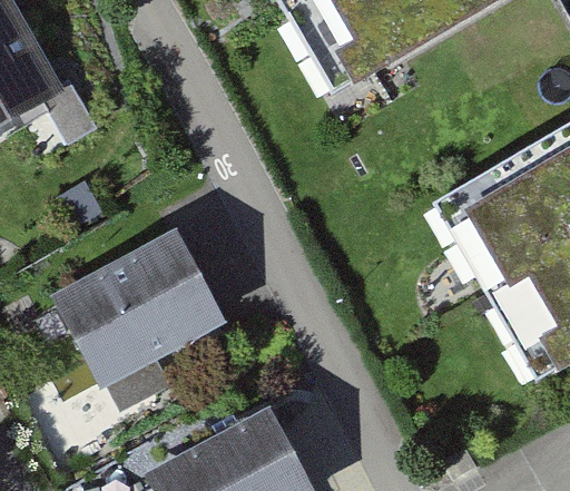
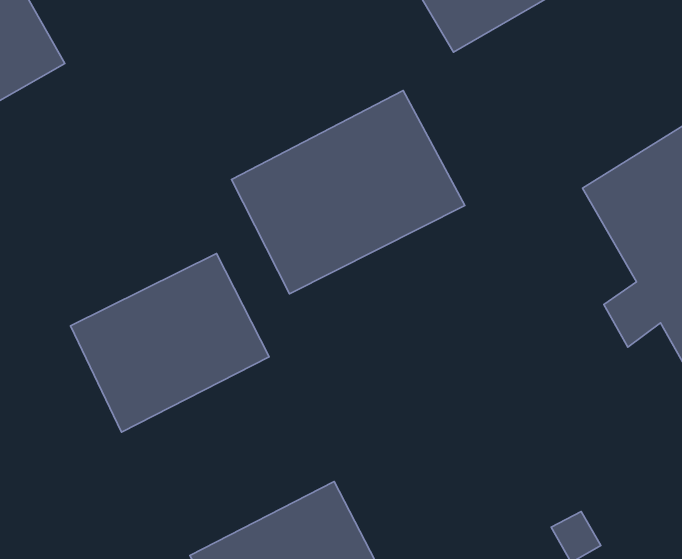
building: none -> [231,91,465,294]

